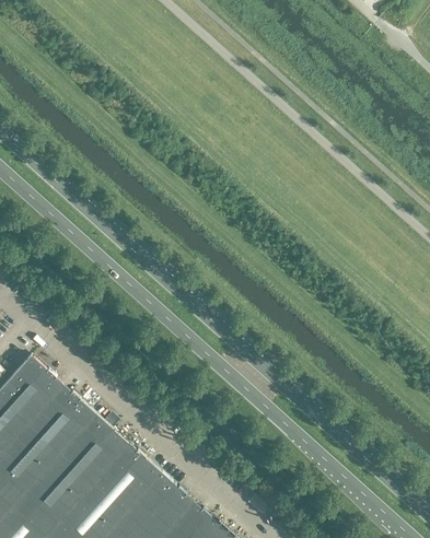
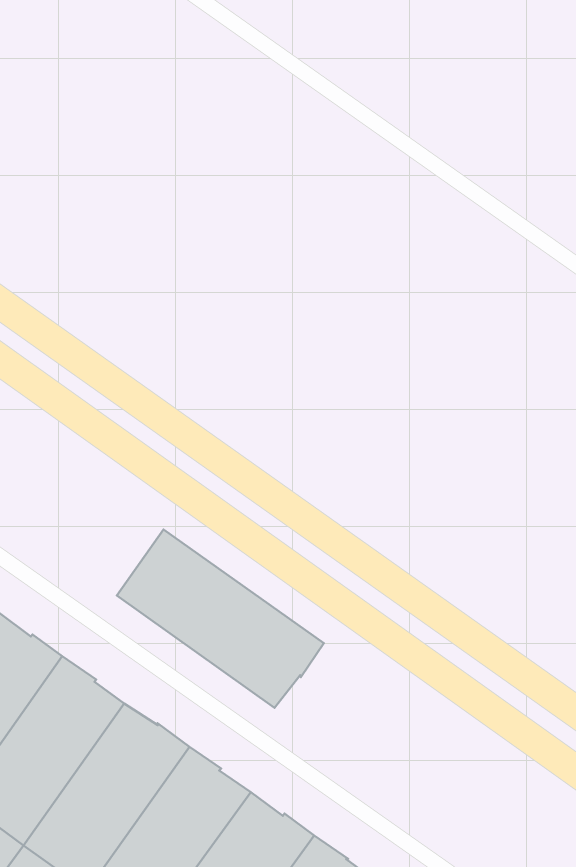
building: none -> [117,529,324,708]

